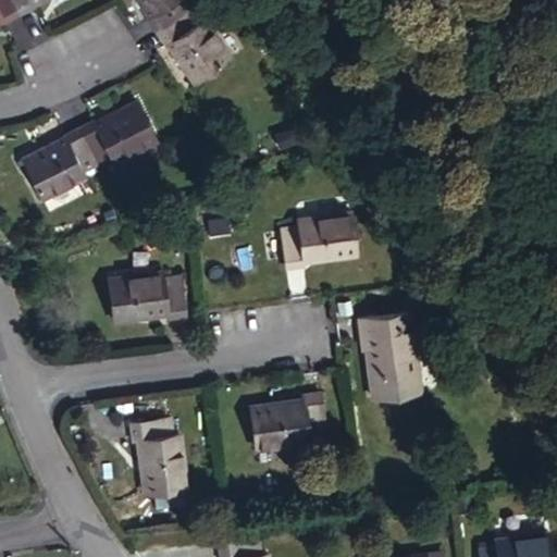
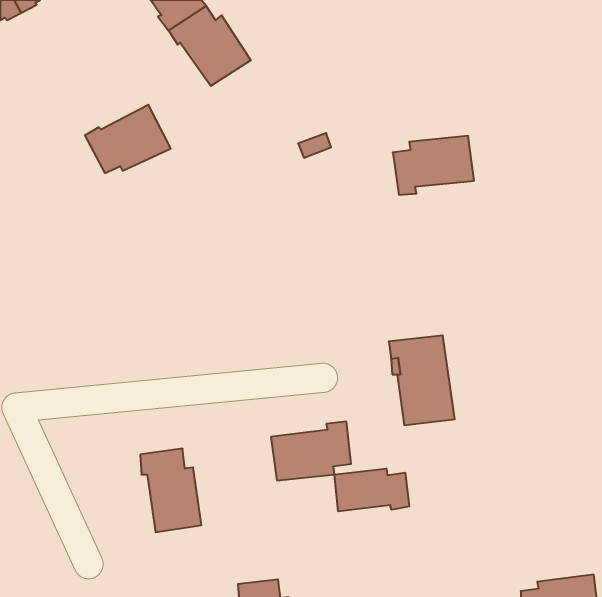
building: [23,129,97,199] -> none
building: [282,214,357,269] -> [393,136,474,195]
building: [110,273,184,322] -> none
building: none -> [334,468,409,511]

